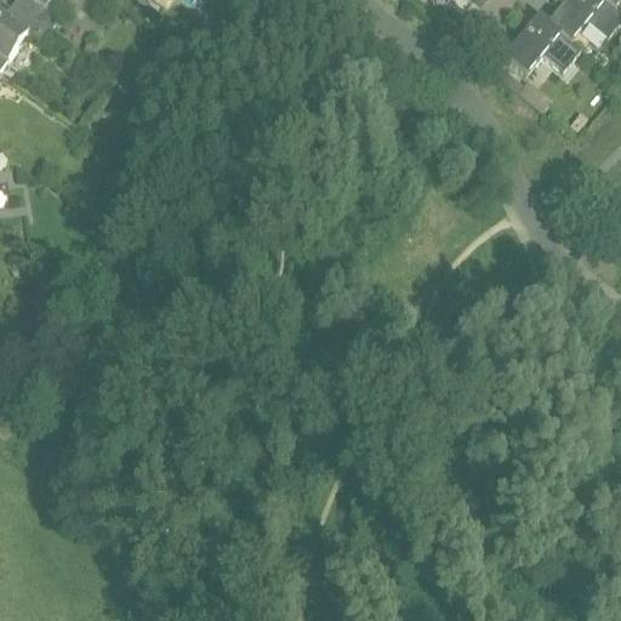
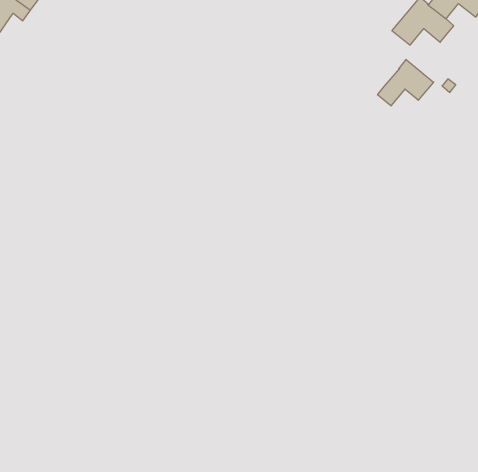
building: none -> [378,59,434,106]

